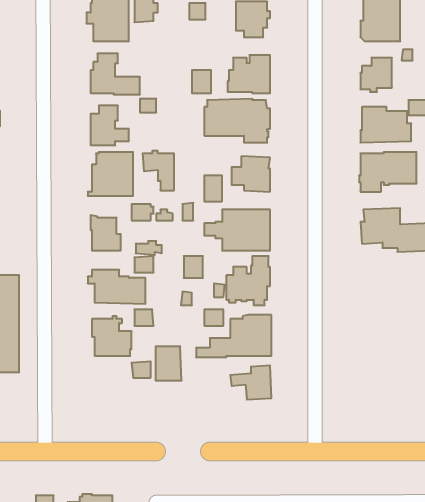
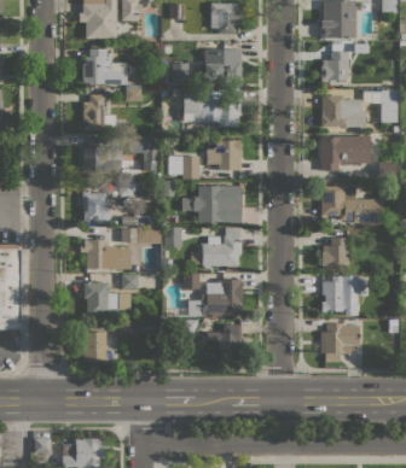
building: none -> [321,238,348,267]
building: none -> [321,275,358,314]
building: [156,346,182,381] -> [83,332,106,362]
building: none -> [320,323,359,362]

